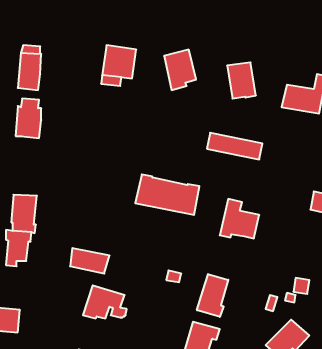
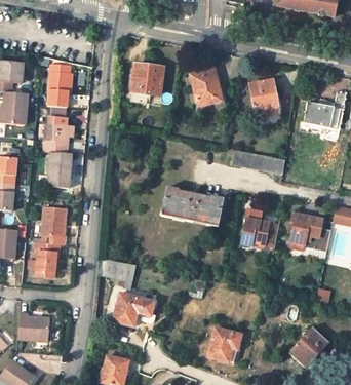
building: none -> [48,151,74,187]
building: none -> [288,216,330,254]
building: [197,274,228,317] -> none

